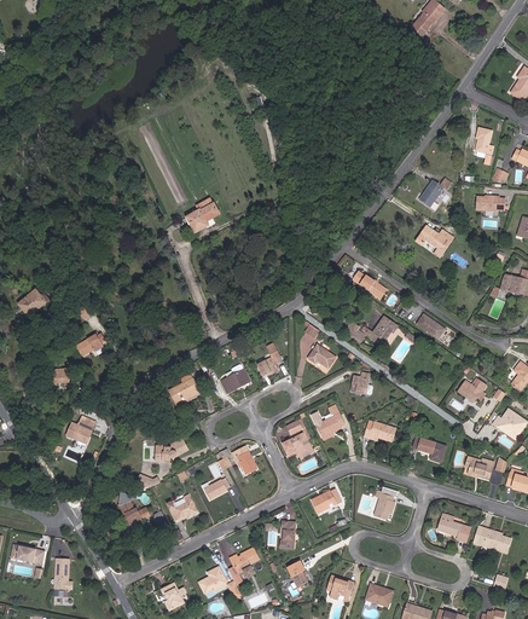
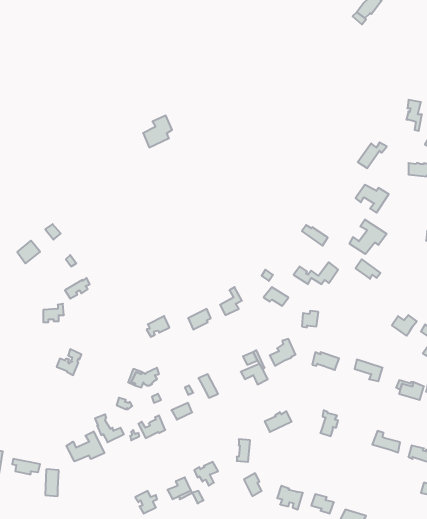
building: [184,197,217,235] -> [143,115,172,147]
building: none -> [350,219,387,254]
building: none -> [66,431,104,461]

